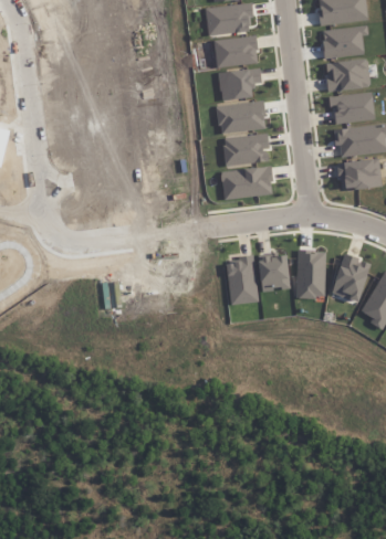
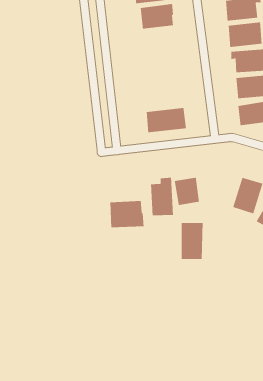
building: [217,68,261,101] -> none
building: [216,101,265,134] -> none
building: [222,133,269,168] -> none
building: [296,251,325,298] -> [181,222,203,260]
building: none -> [109,200,145,228]

